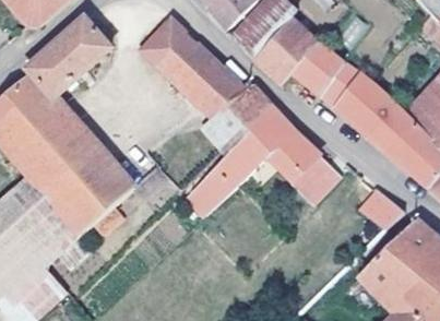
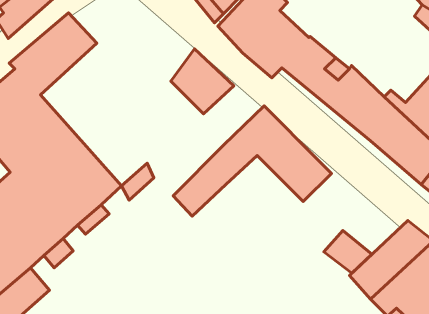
building: [144,17,206,84] -> none
building: [210,83,274,146] -> none
building: [358,188,405,229] -> [324,231,372,273]

